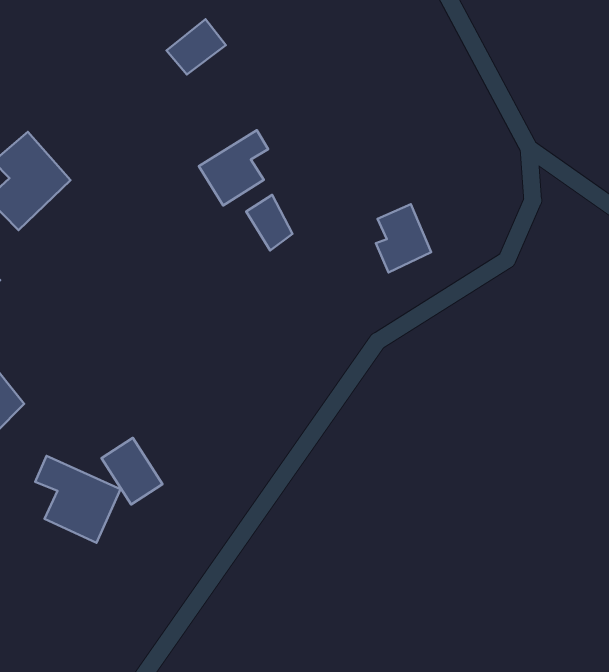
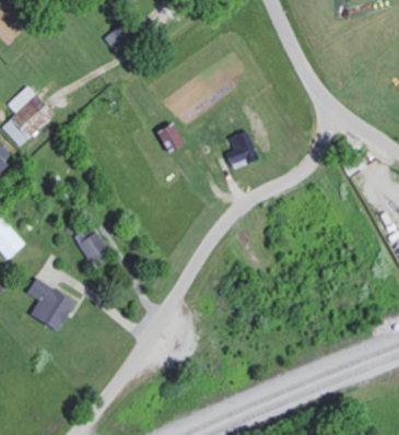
building: [199,130,268,205] -> none
building: [101,438,162,505] -> [74,223,110,262]

